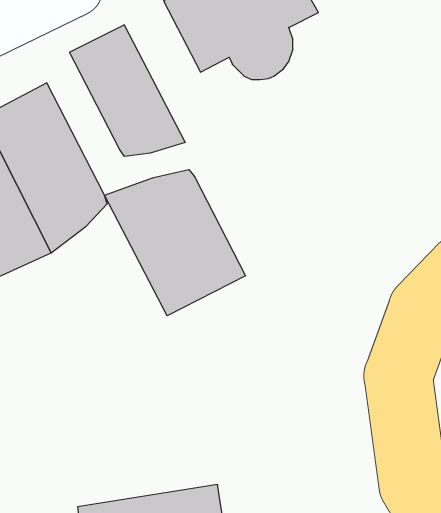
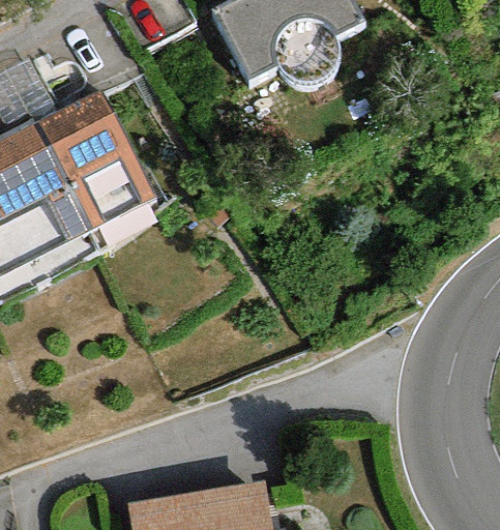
building: [70,25,185,156] -> none
building: [104,170,245,316] -> none

